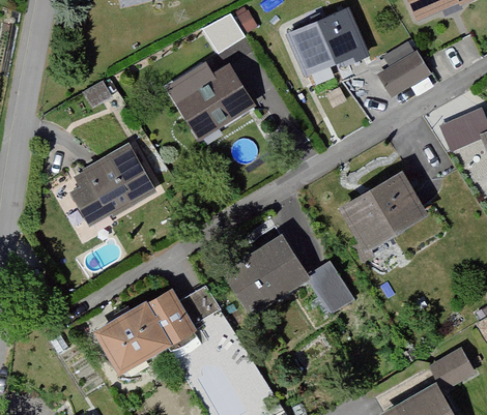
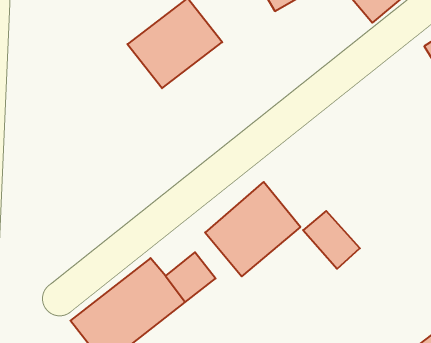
building: [63,144,154,228] -> none
building: [336,169,428,253] -> none

